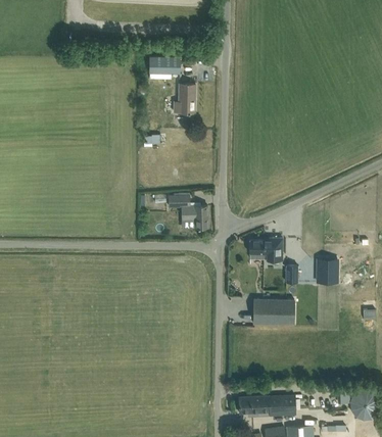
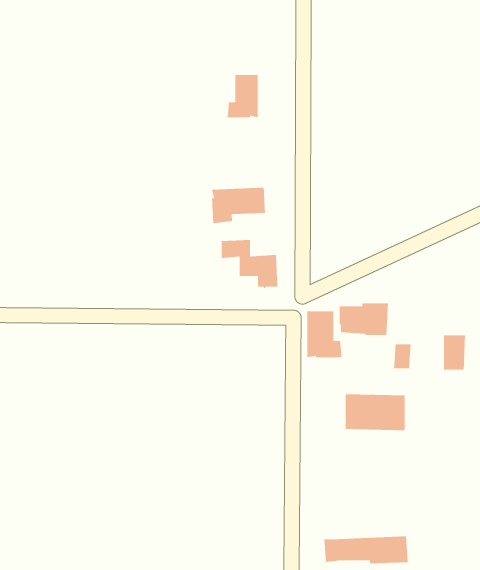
building: [149,57,180,74] -> none
building: none -> [211,187,266,224]
building: none -> [307,311,343,358]

